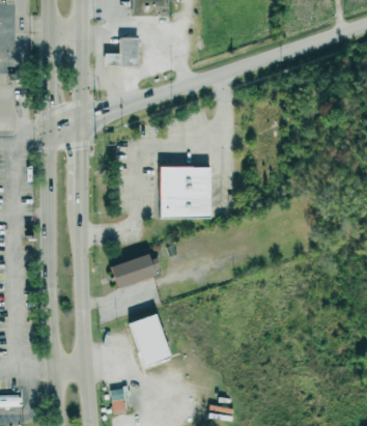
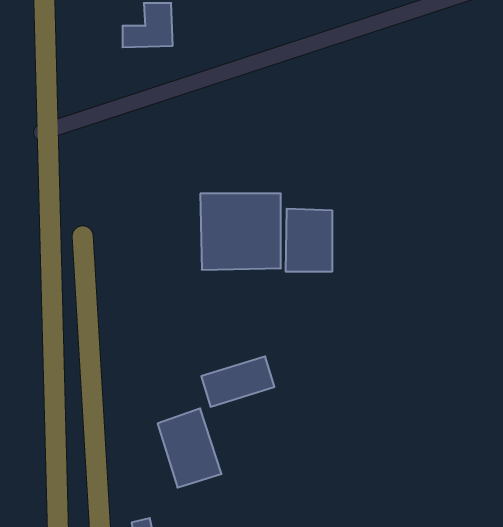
building: none -> [286,209,332,272]
building: [109,253,159,287] -> [201,356,274,407]

